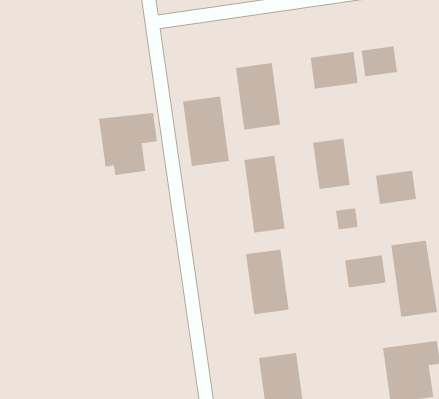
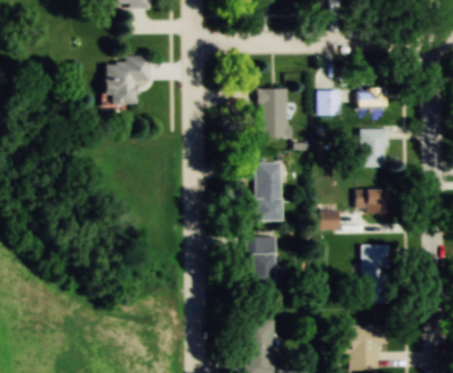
building: [183,96,230,167] -> none
building: [98,112,158,176] -> [105,58,150,104]
building: [312,138,351,190] -> [361,129,386,167]
building: [345,255,386,288] -> none

